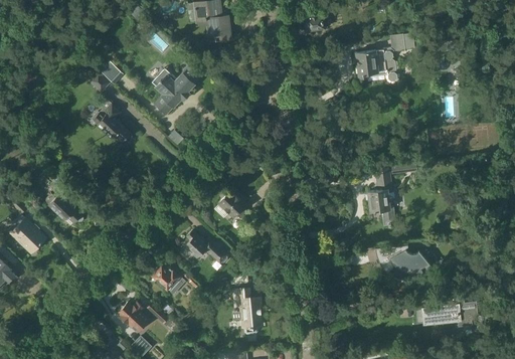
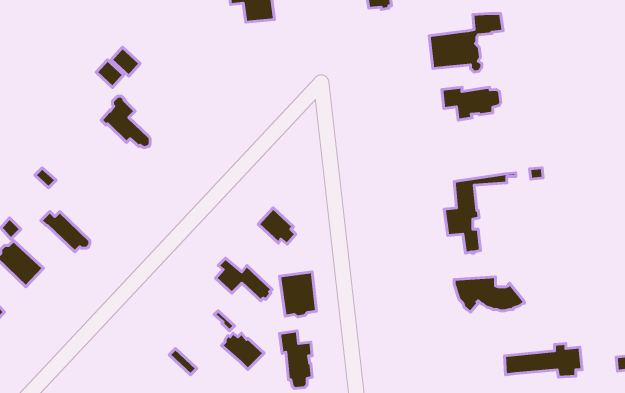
building: [152,66,201,116] -> none
building: none -> [442,87,501,120]
building: none -> [279,272,317,317]
building: [152,265,186,295] -> [221,333,264,369]
building: [118,301,149,332] -> none

